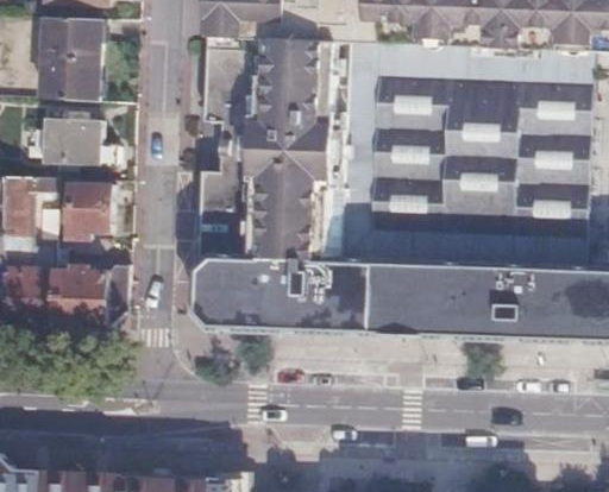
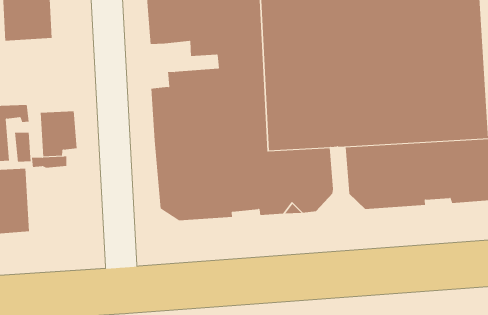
building: [45,119,115,163] -> none
building: [224,121,283,156] -> none
building: [379,261,435,338] -> none
building: [52,264,131,324] -> none

